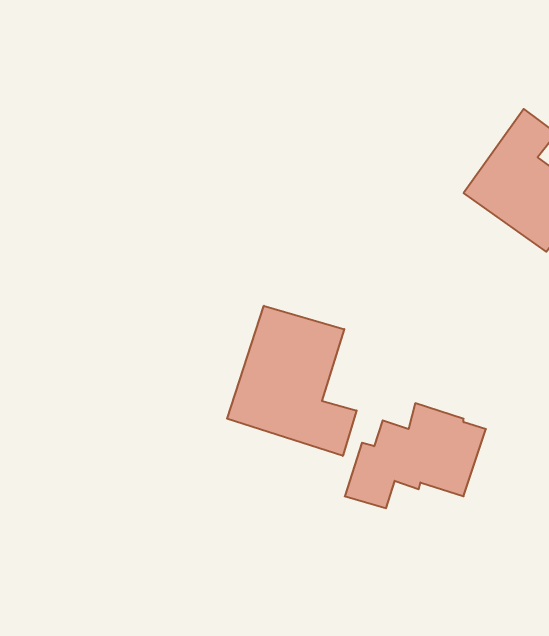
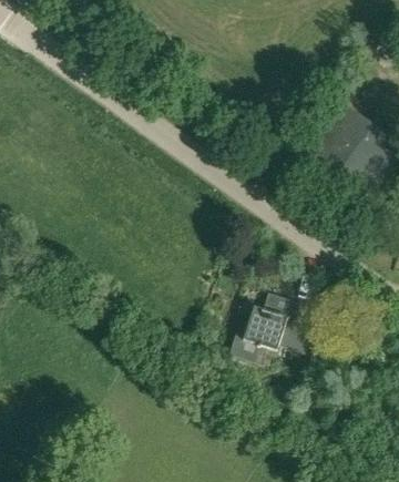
building: [227,306,357,456] -> none

